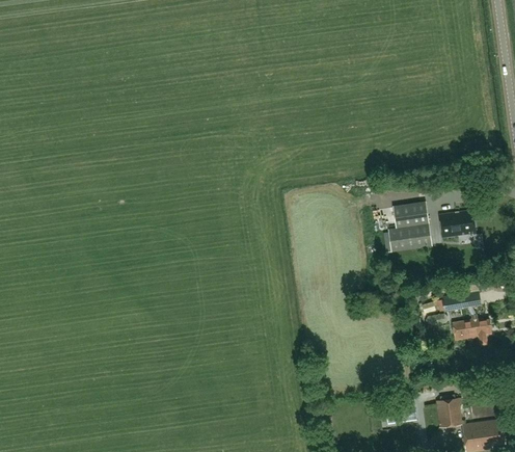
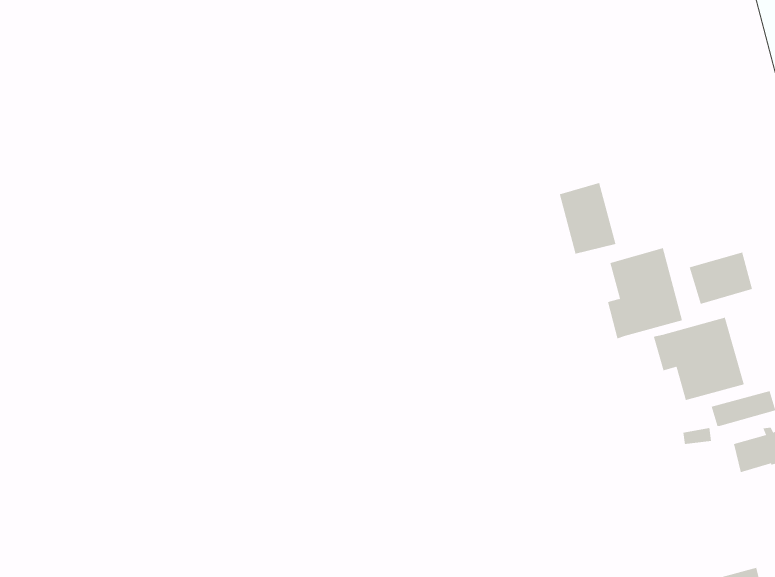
building: none -> [559,182,616,254]
building: none -> [653,317,744,401]

